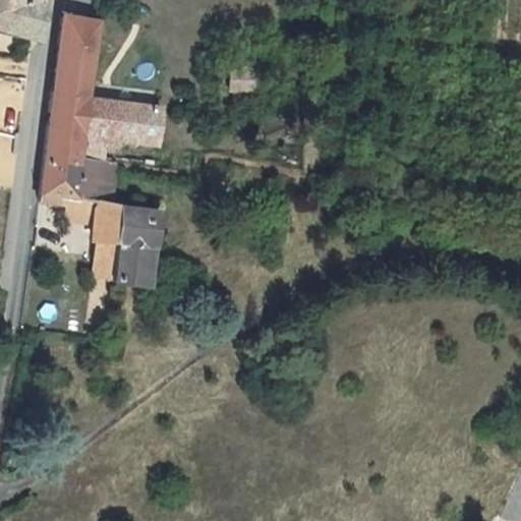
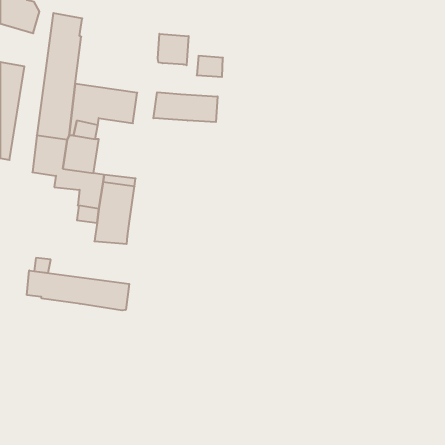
building: none -> [158,34,189,65]
building: none -> [153,92,218,122]
building: none -> [27,270,129,310]

